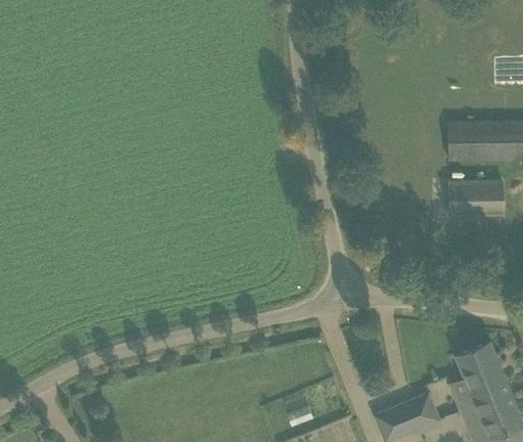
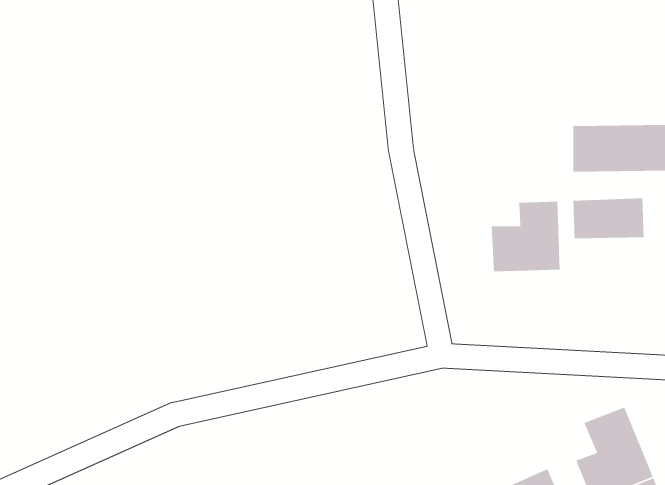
building: none -> [491,201,561,272]

